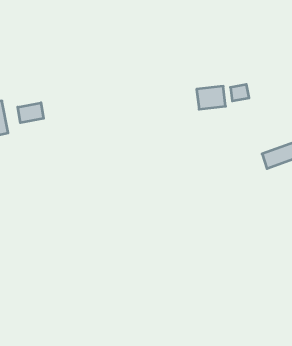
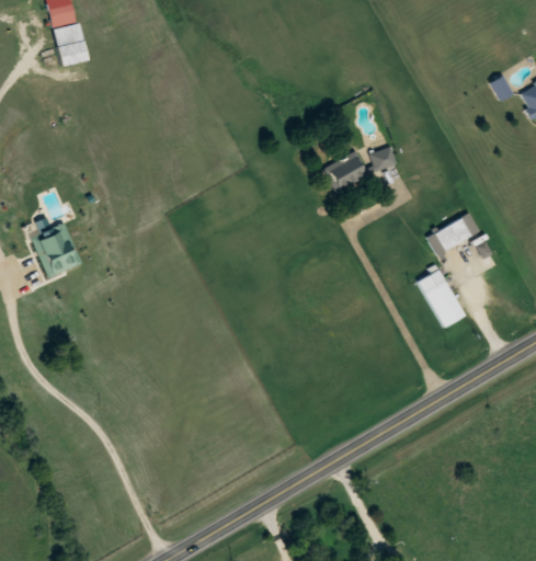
building: [18,103,44,123] -> none
building: none -> [415,268,465,329]

